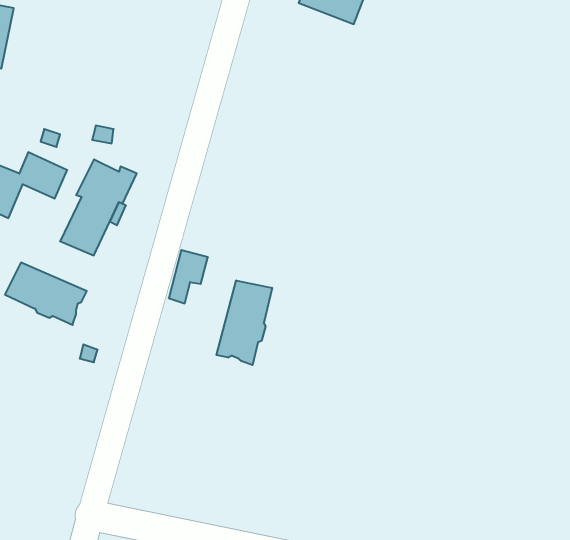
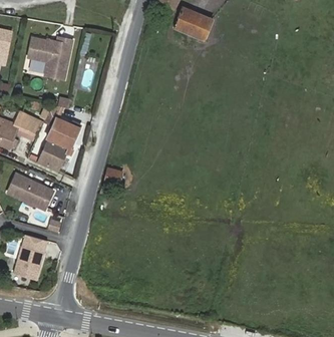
building: none -> [27,37,72,78]
building: [216,280,272,365] -> none
building: none -> [13,235,47,280]

